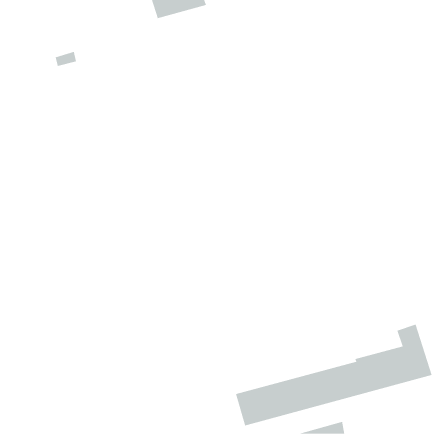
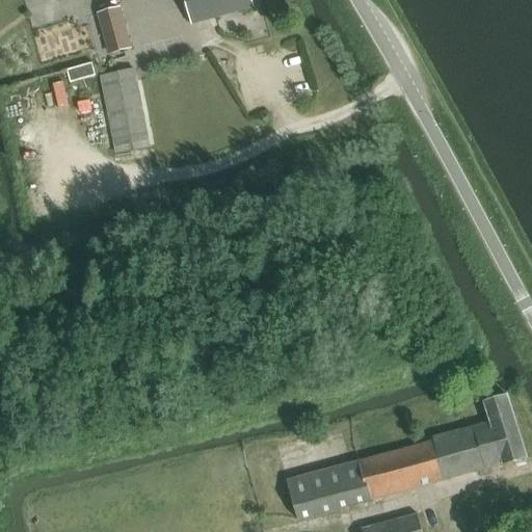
building: none -> [97,6,129,51]
building: none -> [100,70,148,151]

